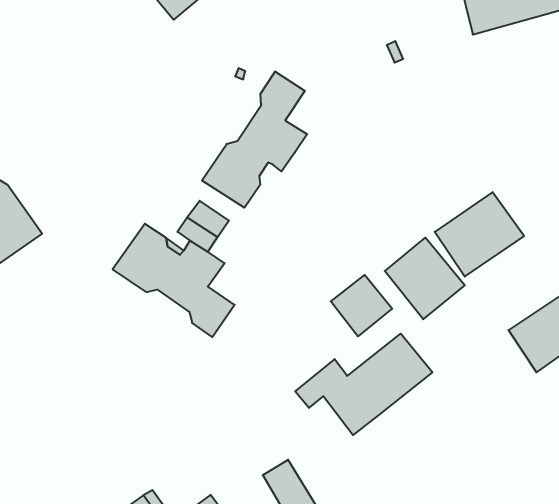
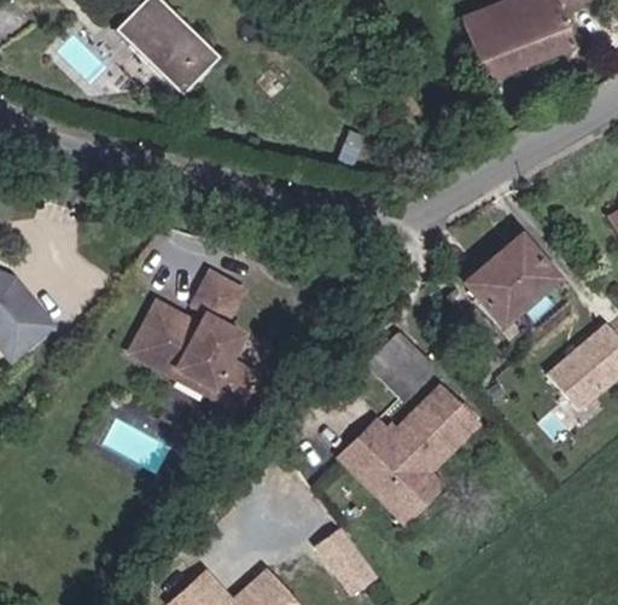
building: [202,71,307,208] -> none
building: [385,238,465,319] -> none
building: none -> [355,459,438,520]

